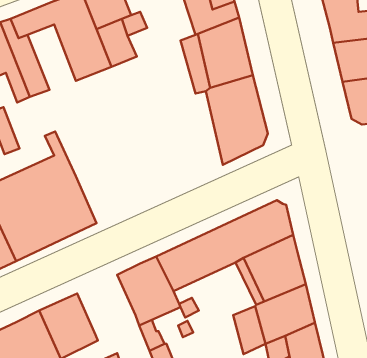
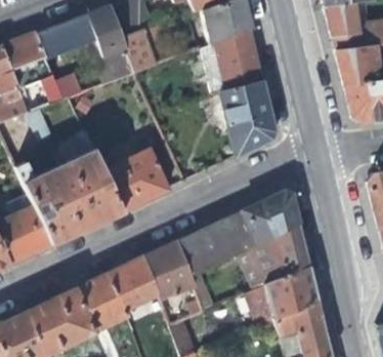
building: none -> [105,143,170,211]
building: none -> [107,257,159,311]

